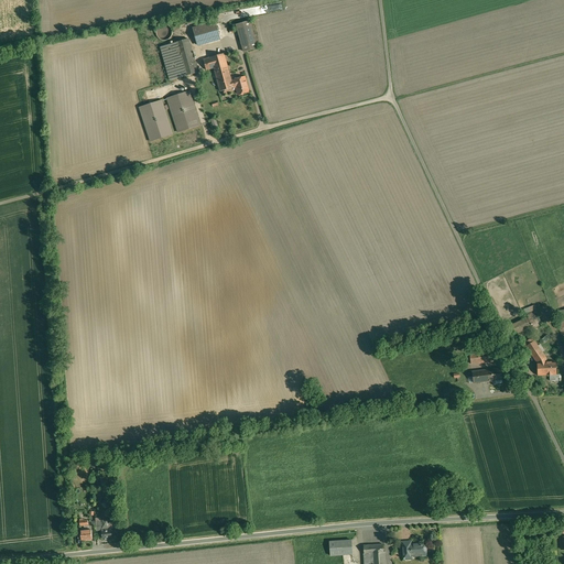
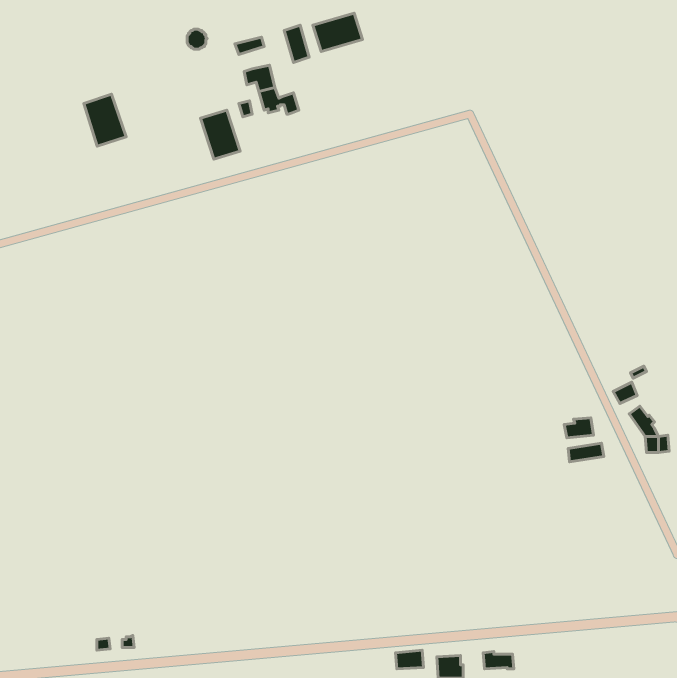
building: none -> [313,13,362,51]
building: [160,39,197,80] -> none
building: [138,99,173,142] -> [84,94,126,146]

